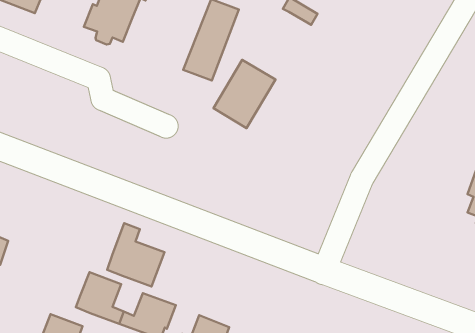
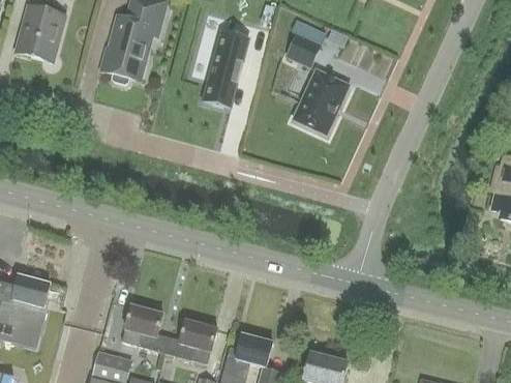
building: none -> [287,33,320,66]
building: [213,60,275,128] -> [292,68,349,134]
building: [107,223,164,286] -> none

